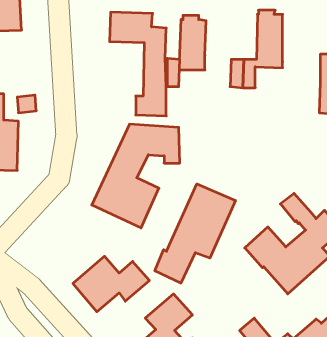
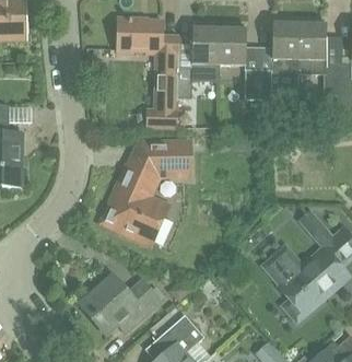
building: none -> [298,19,338,94]
building: none -> [218,25,246,66]
building: [155,184,235,283] -> none

